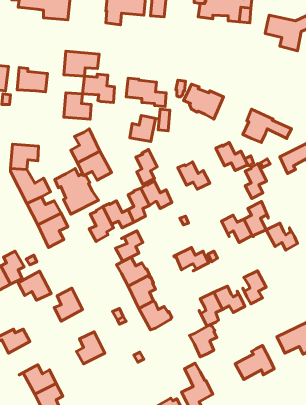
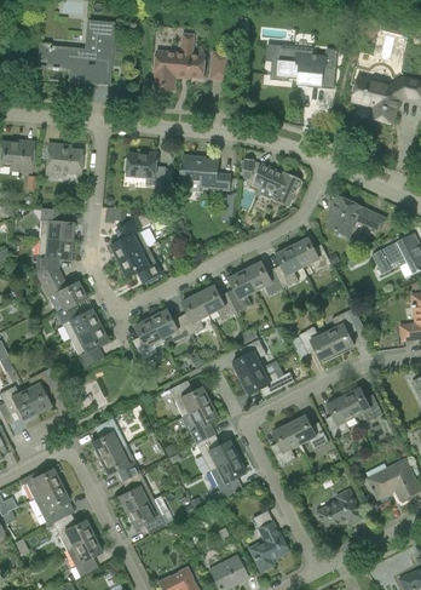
building: [64,51,99,76] -> none
building: [64,93,91,119] -> [39,208,73,241]
building: [130,116,159,141] -> none
building: [136,149,157,184] -> [229,268,255,311]
building: [245,164,267,199] -> [276,244,302,287]
building: [55,169,98,214] -> none
building: [266,223,297,250] -> [344,388,382,422]
building: [116,231,143,262] -> [232,339,266,378]
building: [18,271,51,300] -> [99,445,140,481]
building: [190,325,217,357] -> [210,457,244,497]
building: none -> [34,485,69,526]
building: none -> [127,496,168,535]

